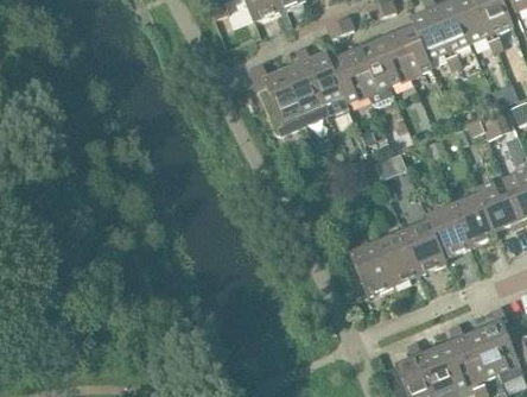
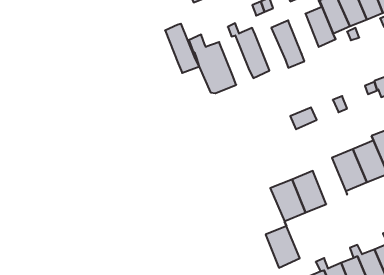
building: [373,33,411,83] -> none
building: [331,51,369,101] -> none
building: [286,61,329,122] -> [165,24,199,73]
building: [404,214,446,272] -> [266,221,300,268]

